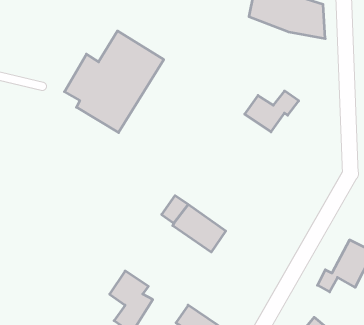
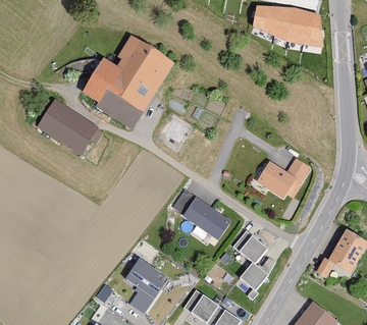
building: [245,91,299,132] -> [255,151,305,188]
building: none -> [37,98,100,155]
building: none -> [233,229,269,290]

